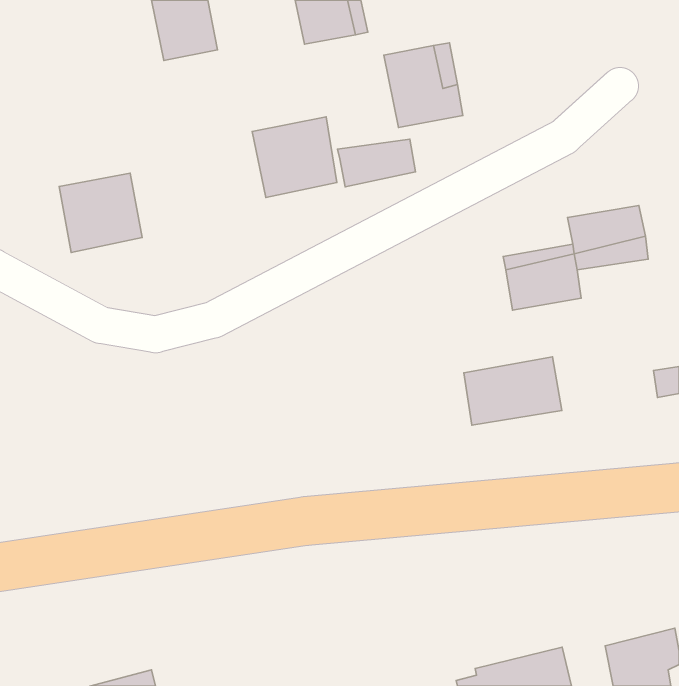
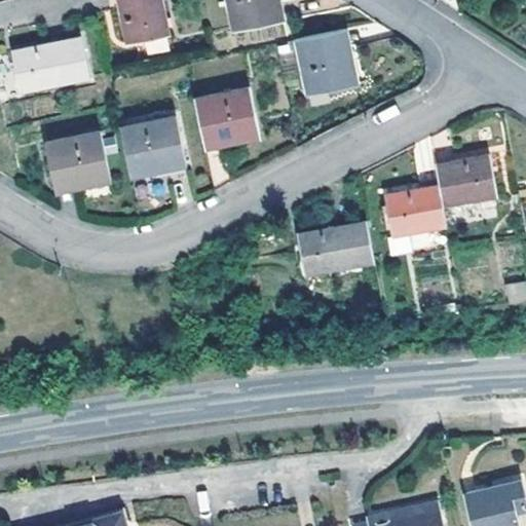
building: none -> [12,39,90,92]
building: [337,139,415,187] -> none
building: none -> [121,117,185,178]
building: [464,357,562,425] -> [297,223,372,275]

